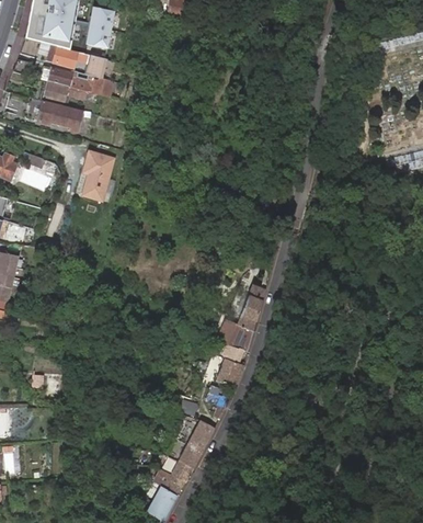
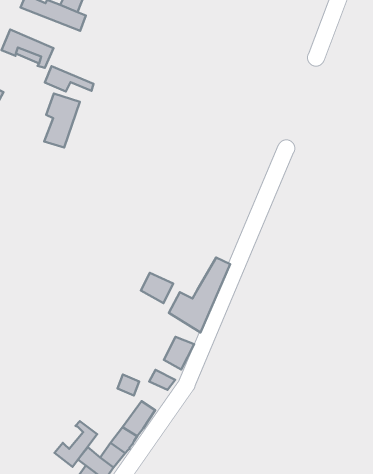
building: [45,82,89,103] -> [45,66,94,91]
building: none -> [141,273,173,303]
building: none -> [55,421,97,467]

